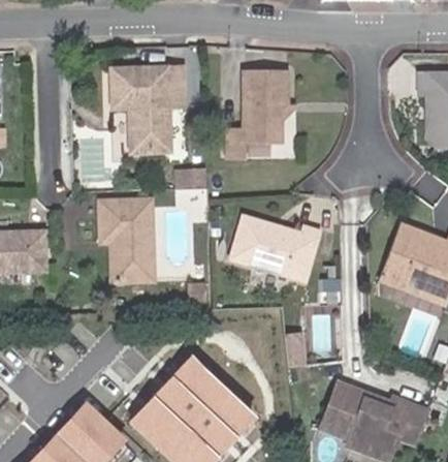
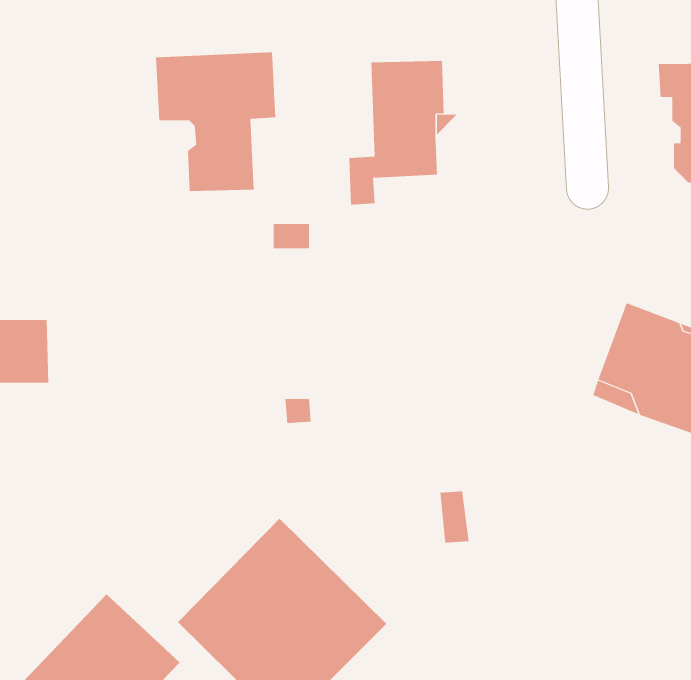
building: [101,201,155,282] -> none
building: [229,215,320,282] -> none
building: [322,381,430,448] -> none

